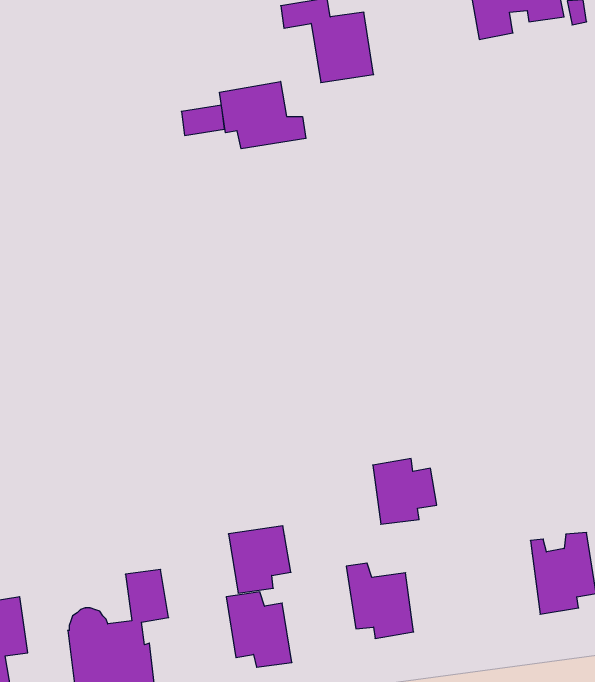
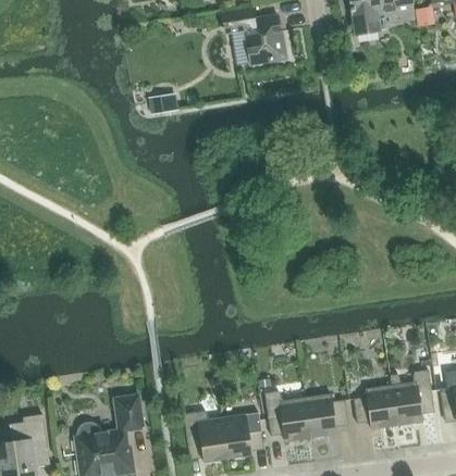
building: [220,81,306,149] -> none
building: [373,459,437,524] -> [306,393,349,438]
building: [228,526,291,593] -> [222,413,264,459]
building: none -> [354,385,397,429]

